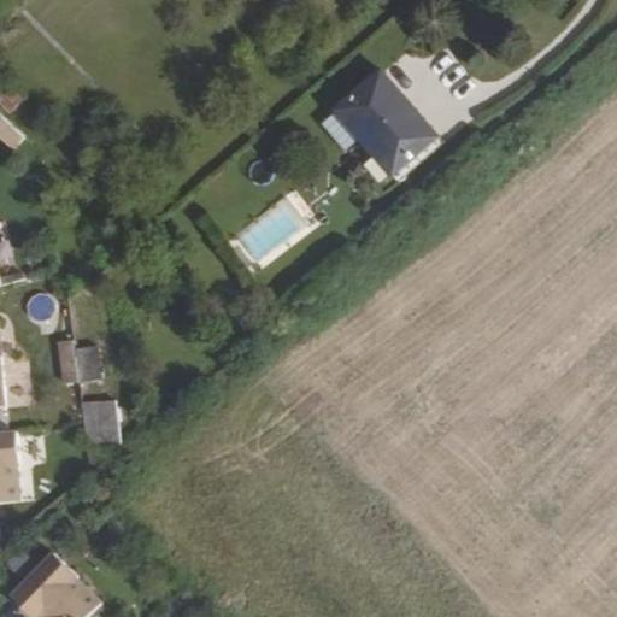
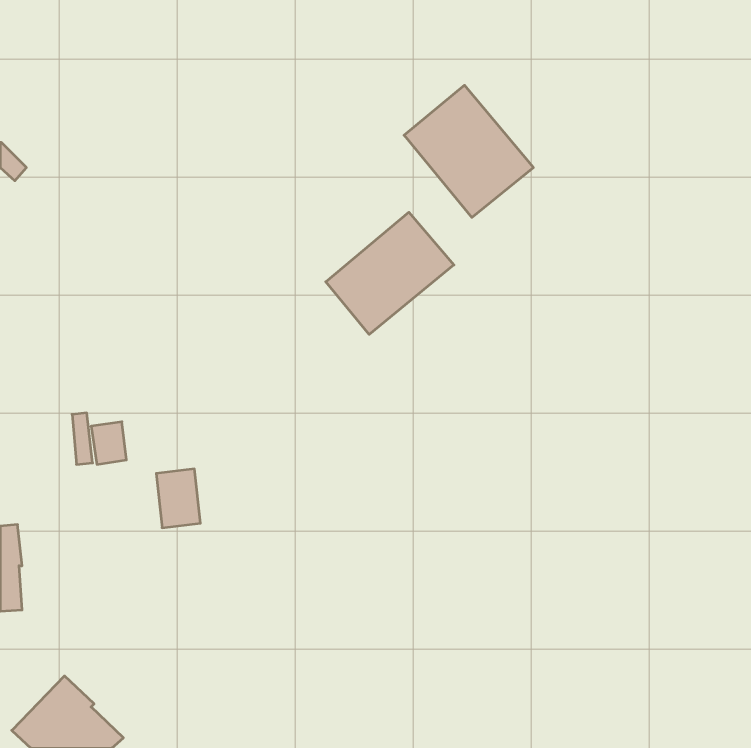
building: none -> [326,212,454,334]
building: [82,399,118,447] -> [156,469,200,528]

